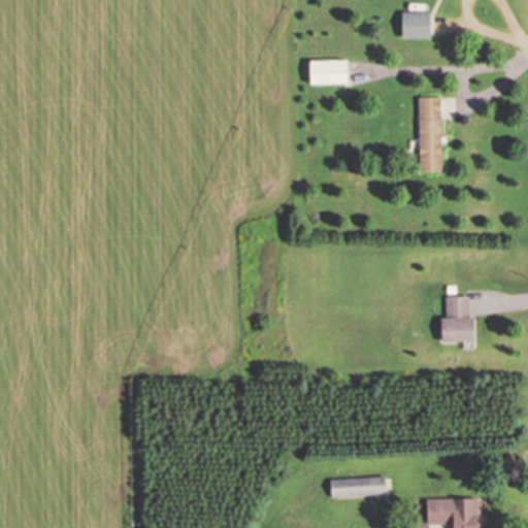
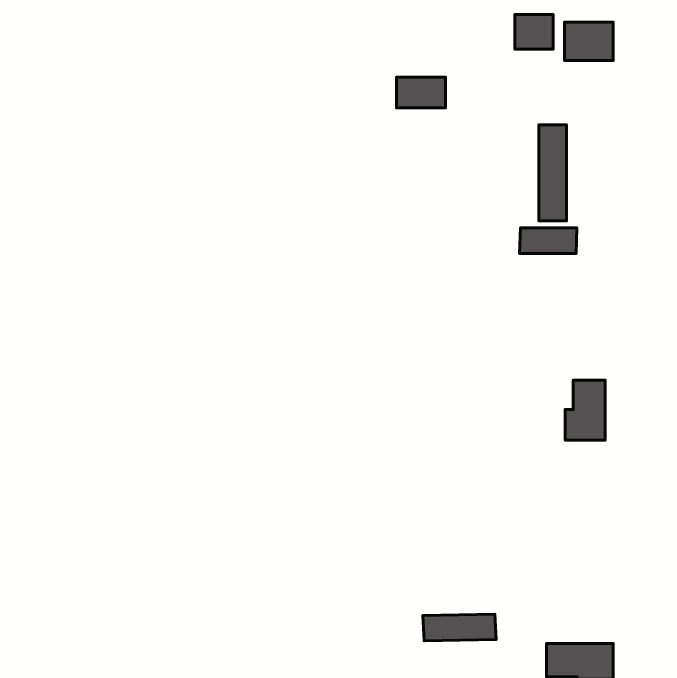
building: none -> [564,22,613,60]
building: none -> [520,228,577,254]

